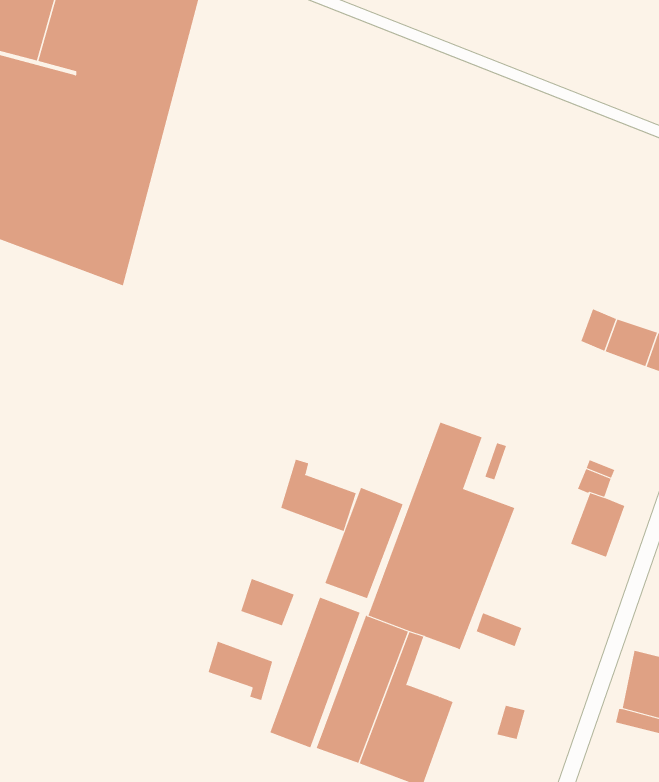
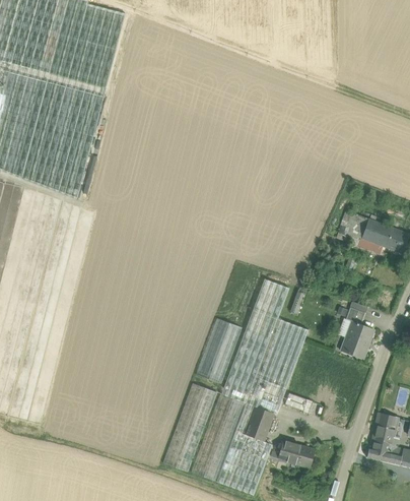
building: [281,459,356,532] -> none
building: [241,578,295,626] -> none
building: none -> [245,405,274,441]
building: [208,641,273,701] -> none
building: none -> [271,440,302,463]

